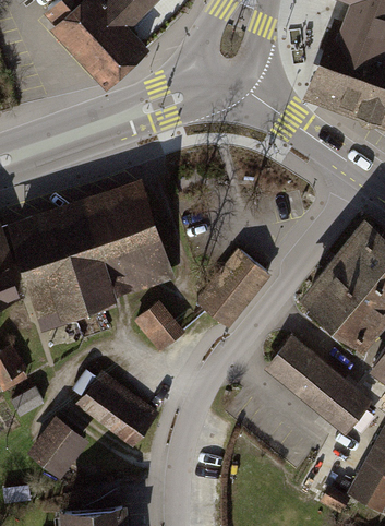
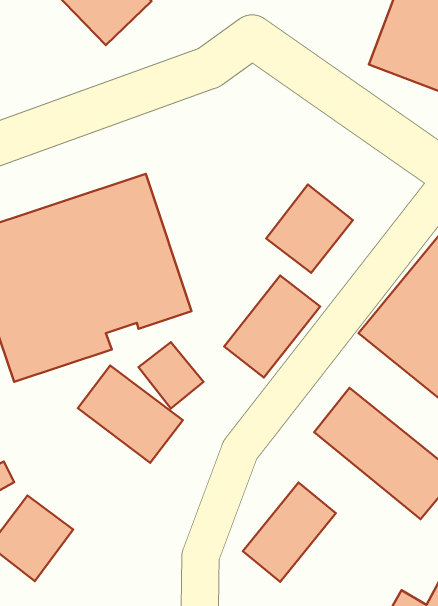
building: none -> [266,184,353,273]
building: [79,375,156,447] -> [78,365,183,463]
building: none -> [243,482,336,582]

